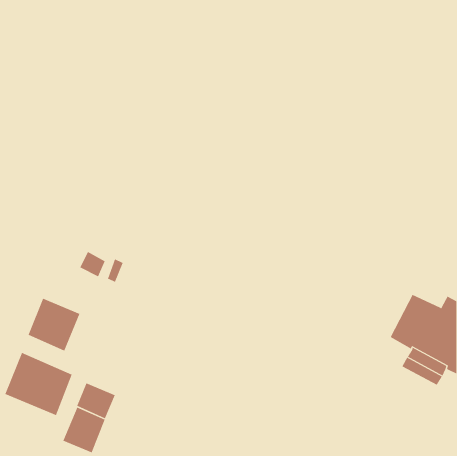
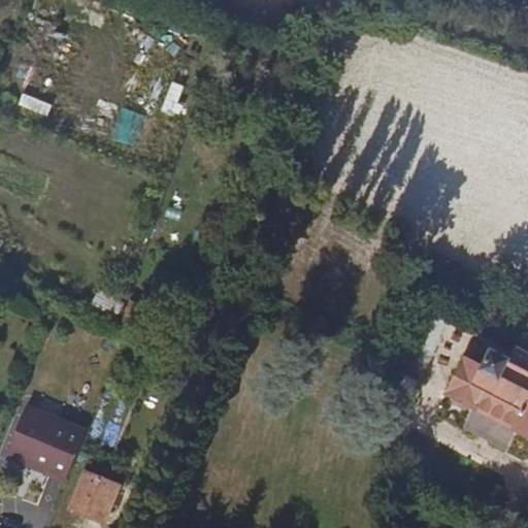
building: [28,298,80,352] -> none
building: [76,382,115,419] -> none

